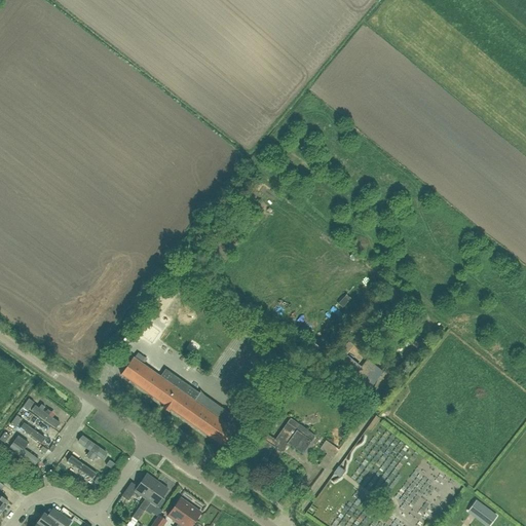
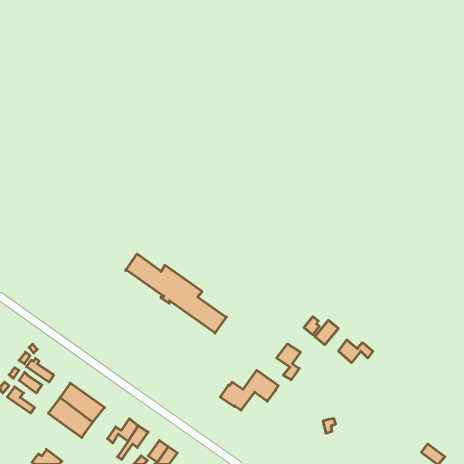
building: [121,356,235,446] -> [126,254,227,333]
building: none -> [339,340,373,363]
building: none -> [277,344,300,380]

